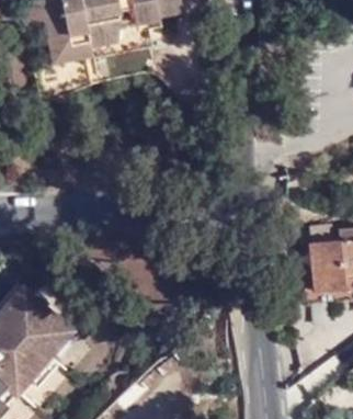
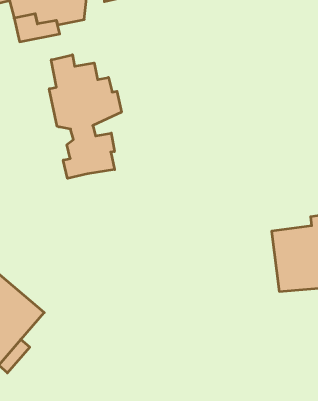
building: none -> [49,55,121,178]

